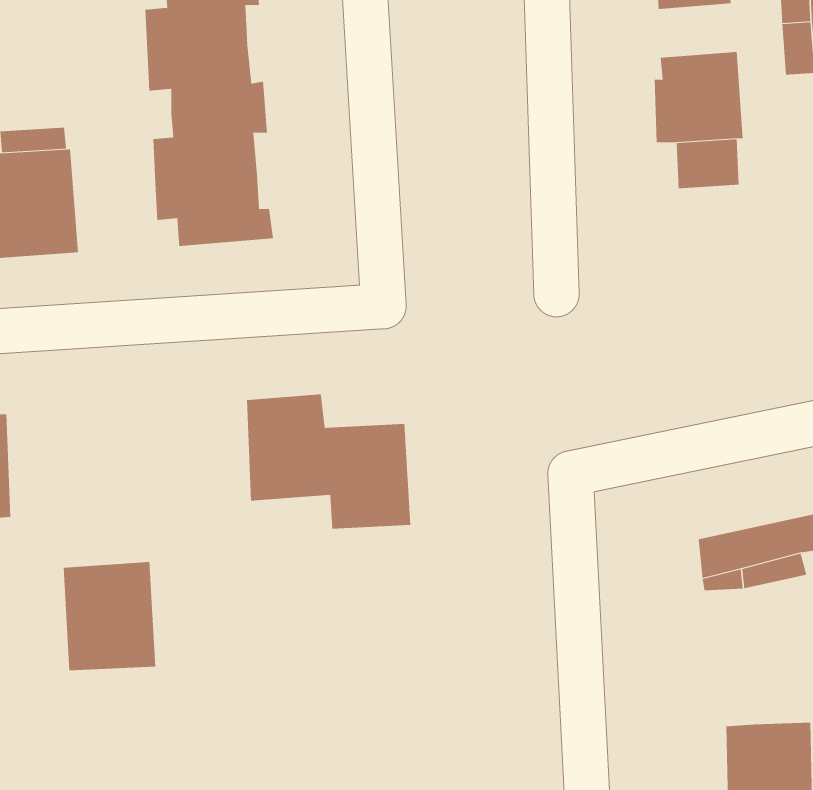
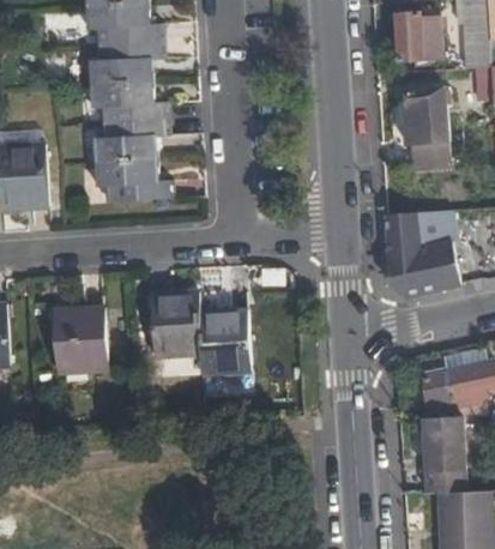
building: none -> [385,209,460,297]
building: [63,561,156,671] -> [53,307,109,373]
building: none -> [424,417,465,493]

